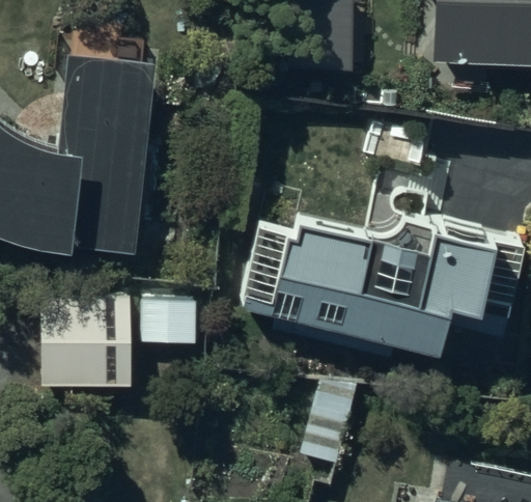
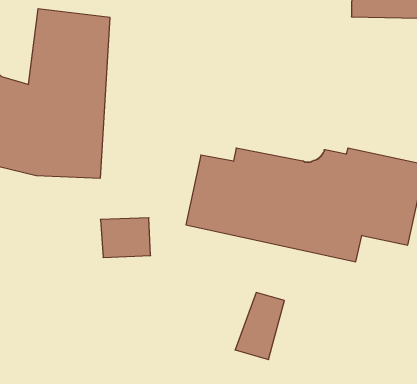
building: [39,296,133,388] -> none

